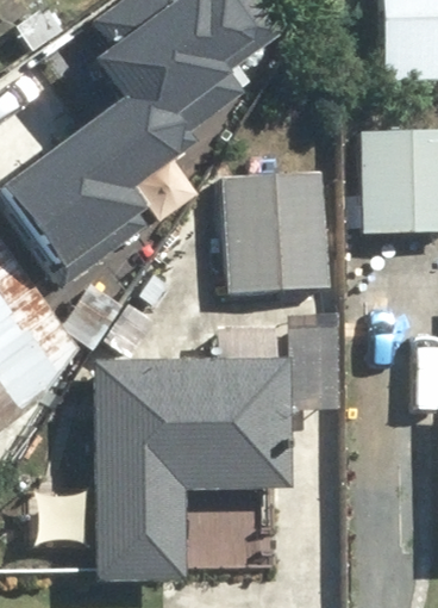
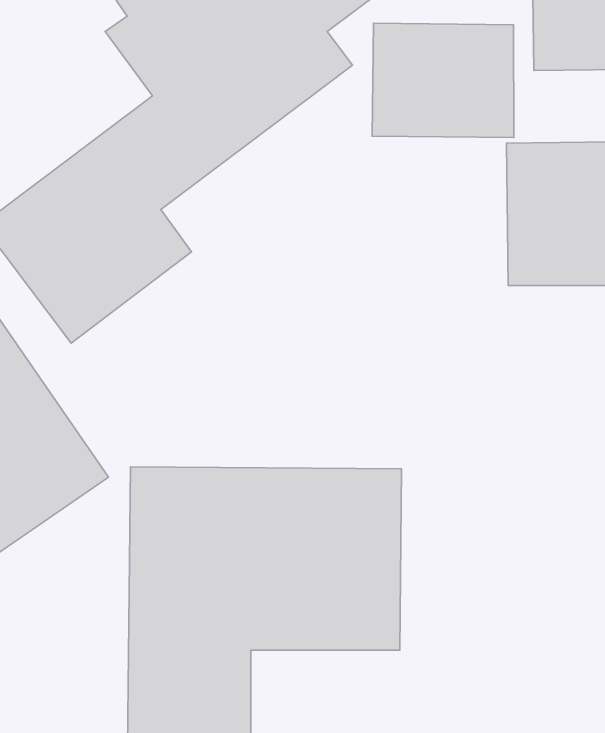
building: none -> [372,23,514,138]
building: [233,179,326,289] -> none

